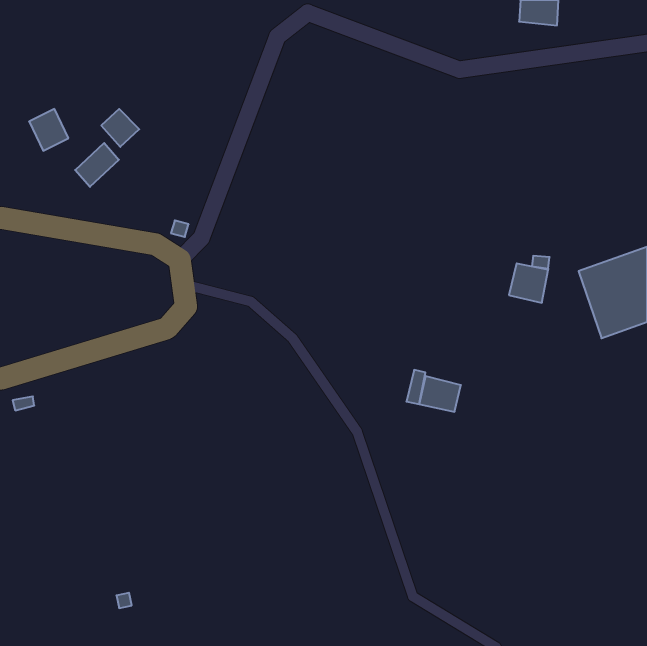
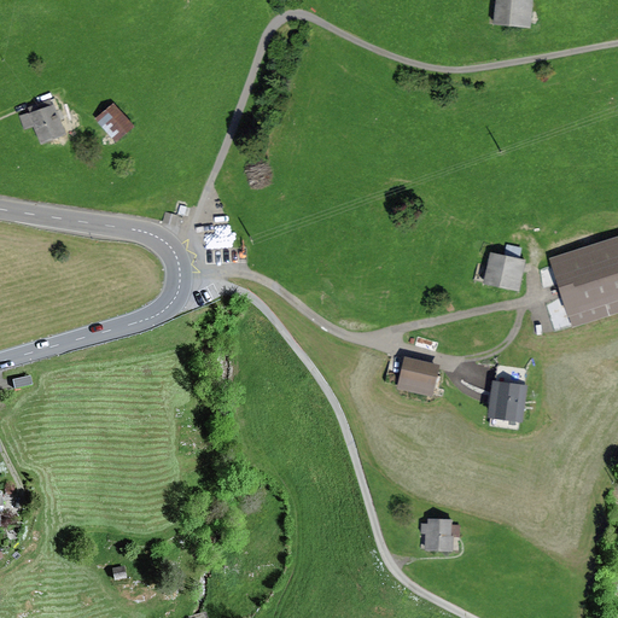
building: [75,143,119,187] -> none
building: none -> [490,367,526,418]
building: none -> [421,523,457,553]

